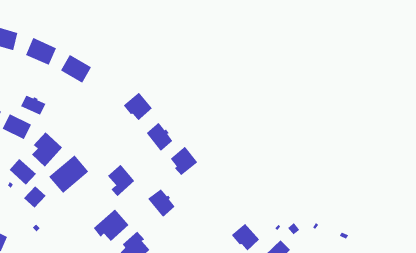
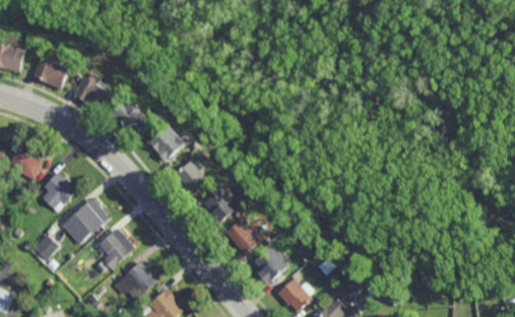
building: none -> [109,99,153,136]
building: [20,95,46,115] -> none
building: [9,158,37,186] -> none
building: [107,164,135,197] -> [98,229,131,268]
building: [147,189,176,218] -> [226,218,259,253]
building: none -> [254,245,287,283]

